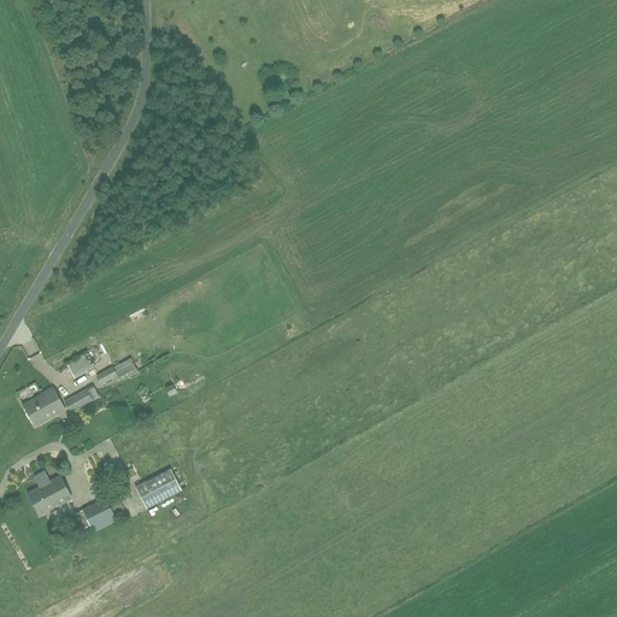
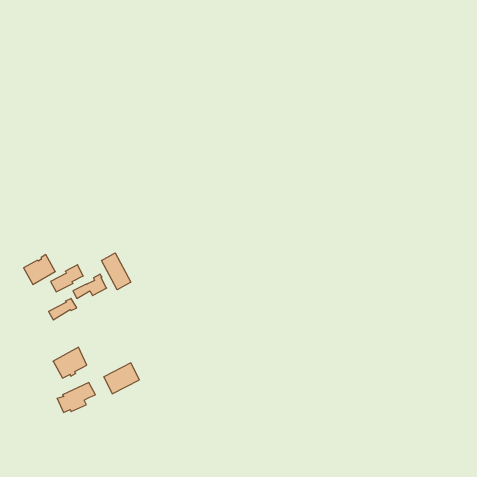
building: none -> [102,253,131,290]
building: [22,387,63,425] -> [24,255,55,285]
building: [27,475,70,515] -> [53,347,87,378]

